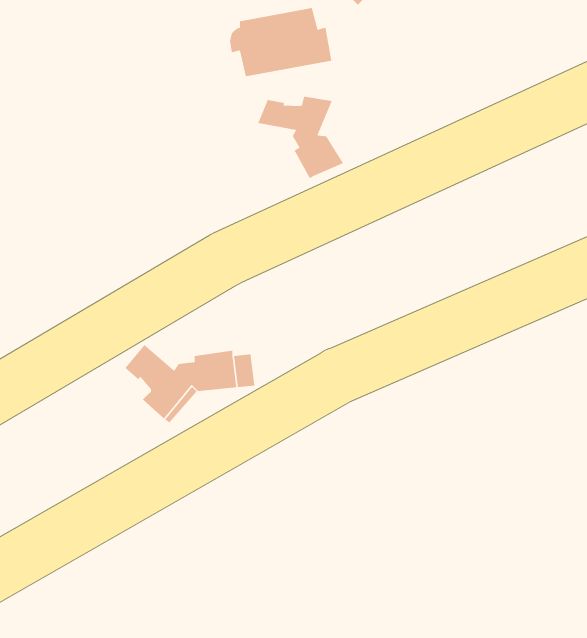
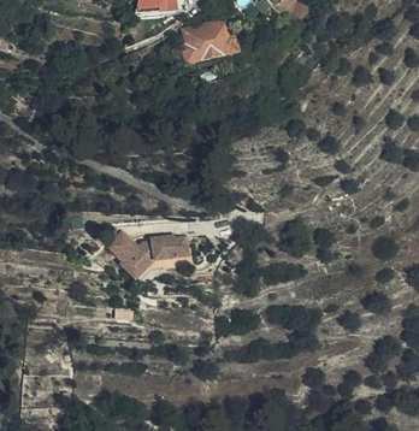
building: [257,96,344,179] -> none

